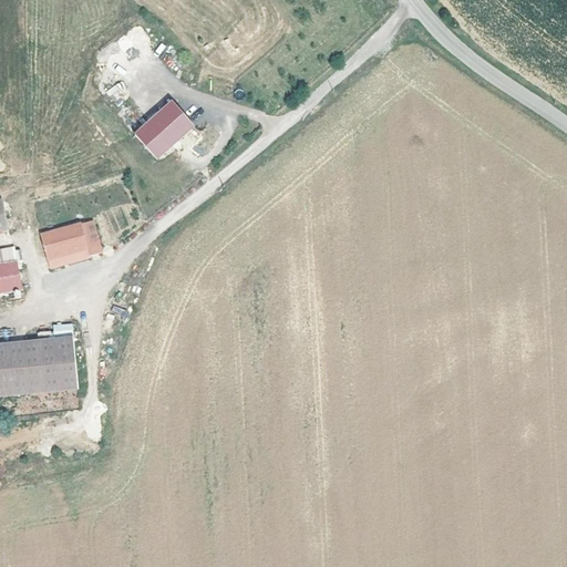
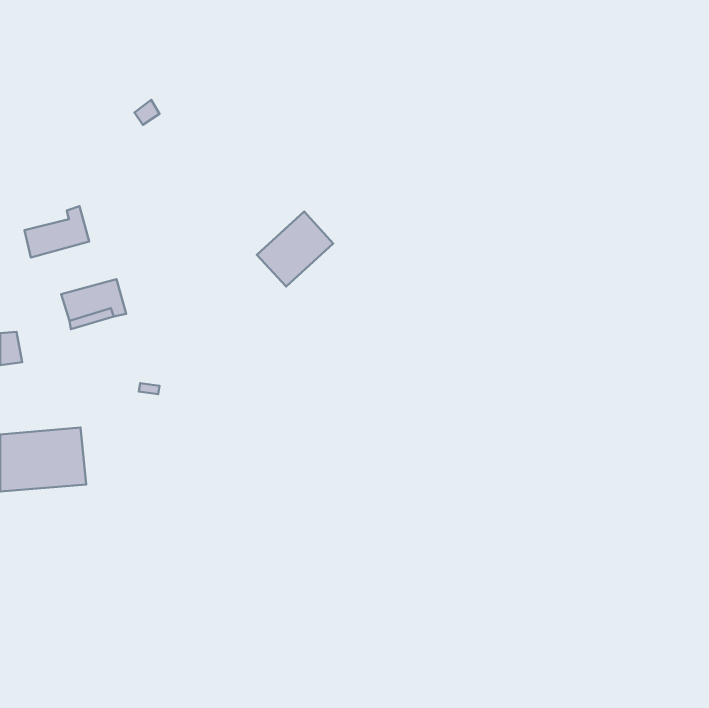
building: [134,99,195,158] -> [257,212,333,287]
building: none -> [25,206,89,258]

